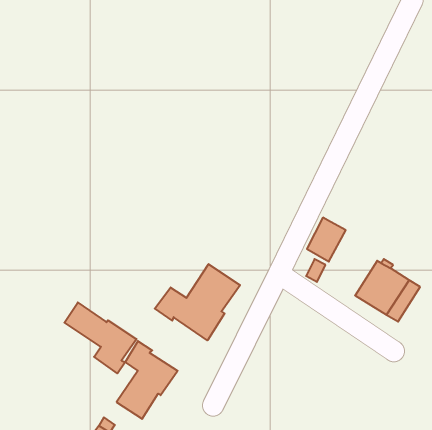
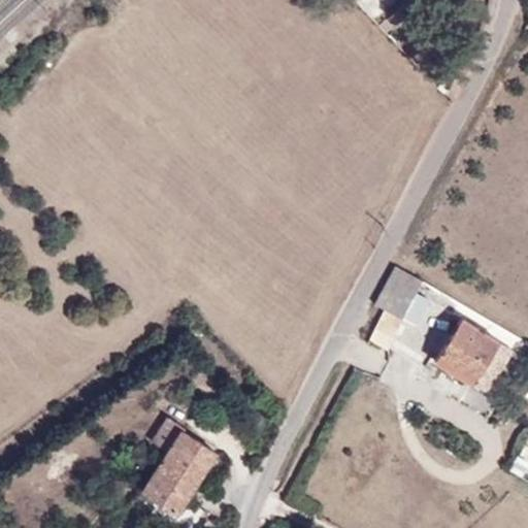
building: [155,264,240,340] -> none
building: [64,302,137,373] -> none

